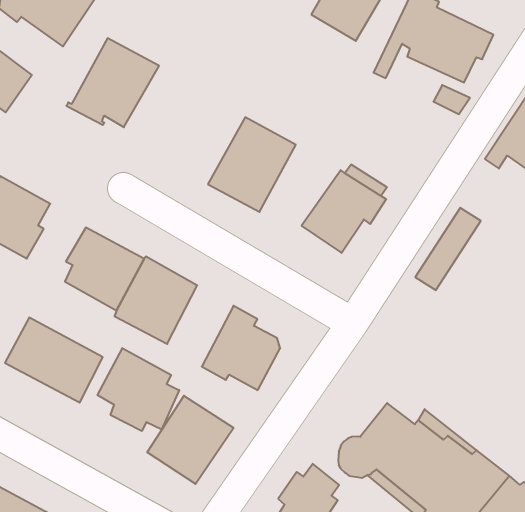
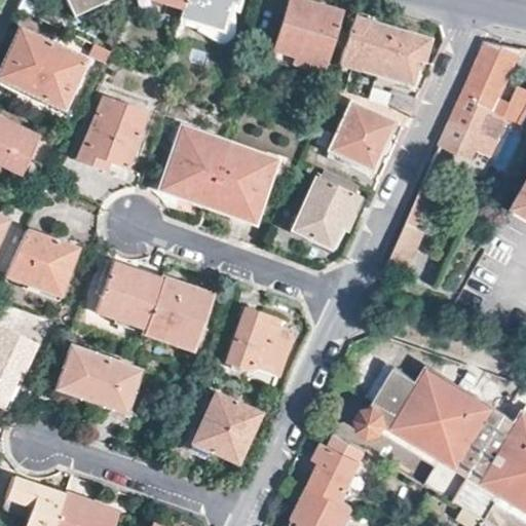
building: none -> [160,125,229,206]
building: none -> [329,102,396,171]
building: [98,348,179,431] -> none

